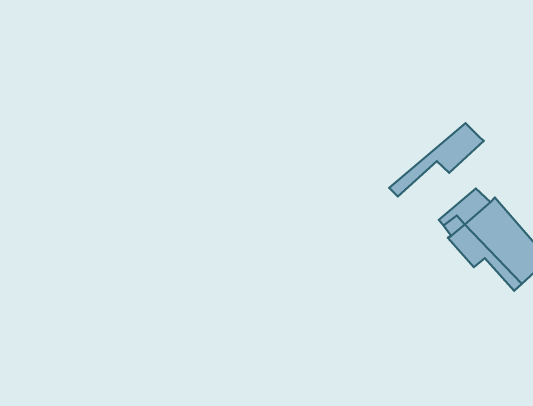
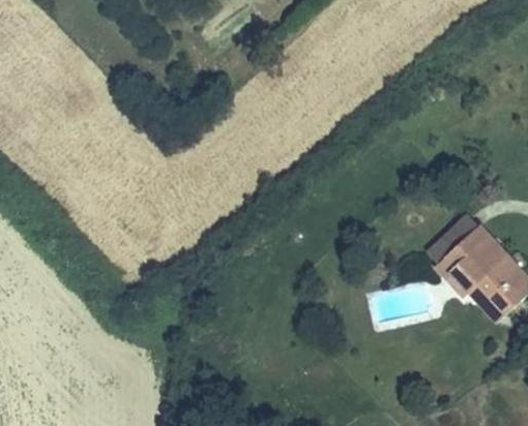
building: [389,123,484,197] -> none

